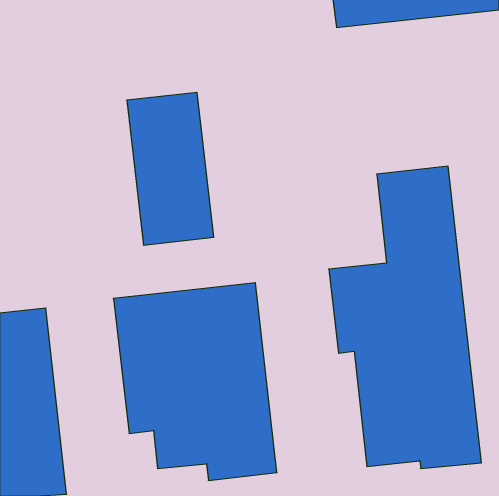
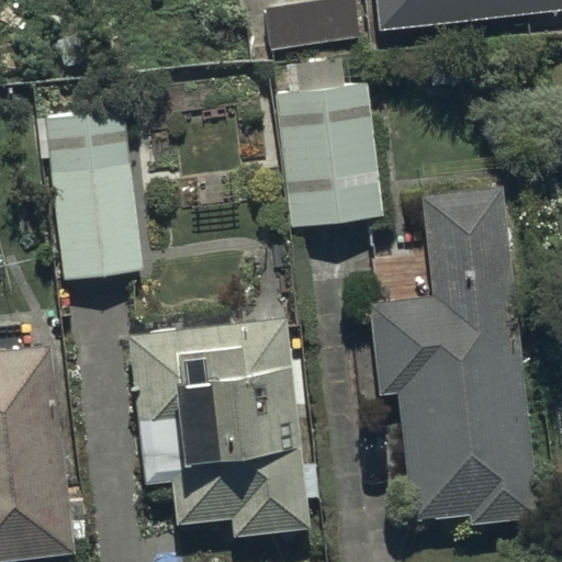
building: none -> [274,83,382,227]
building: [127,92,214,245] -> [45,108,143,279]

